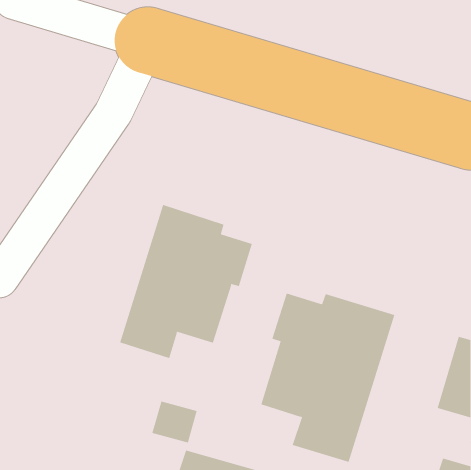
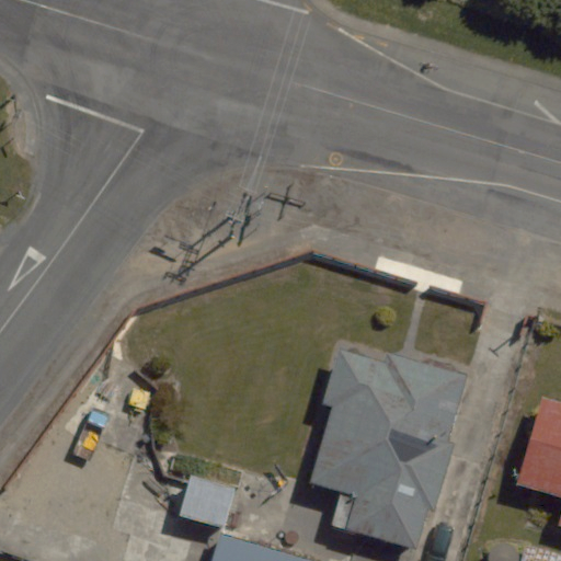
building: [119,204,252,359] -> none

